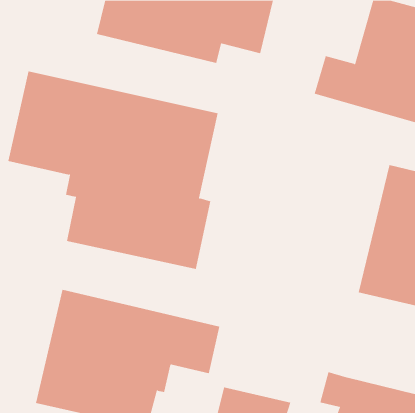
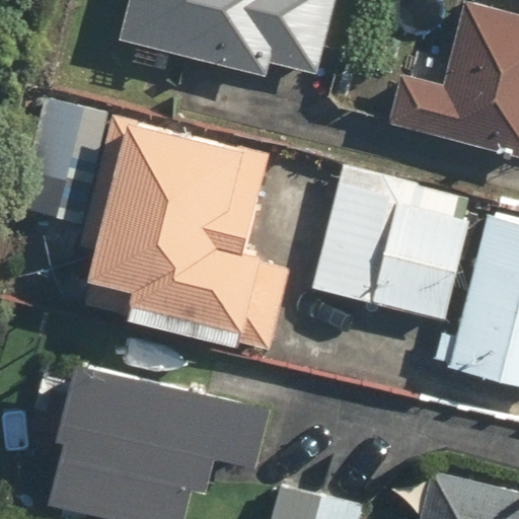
building: none -> [306,165,478,324]

